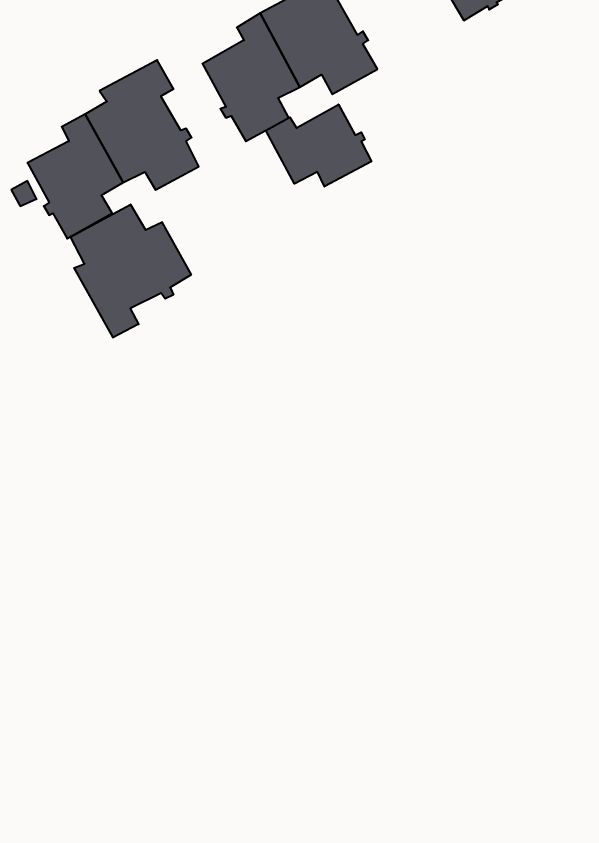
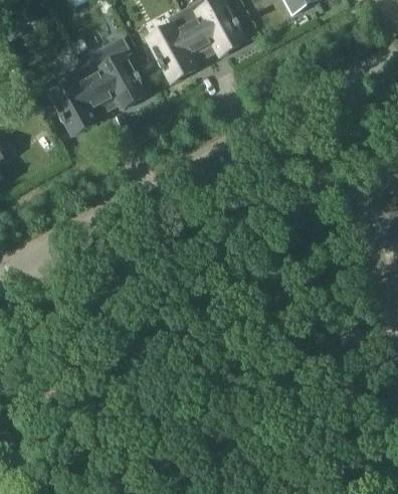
building: [266,104,371,187] -> none
building: [70,204,191,338] -> none

